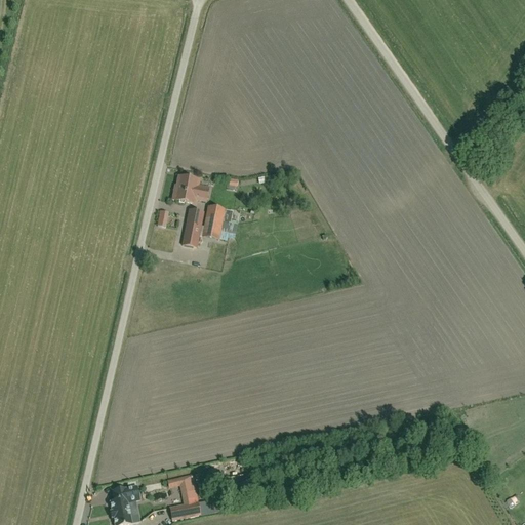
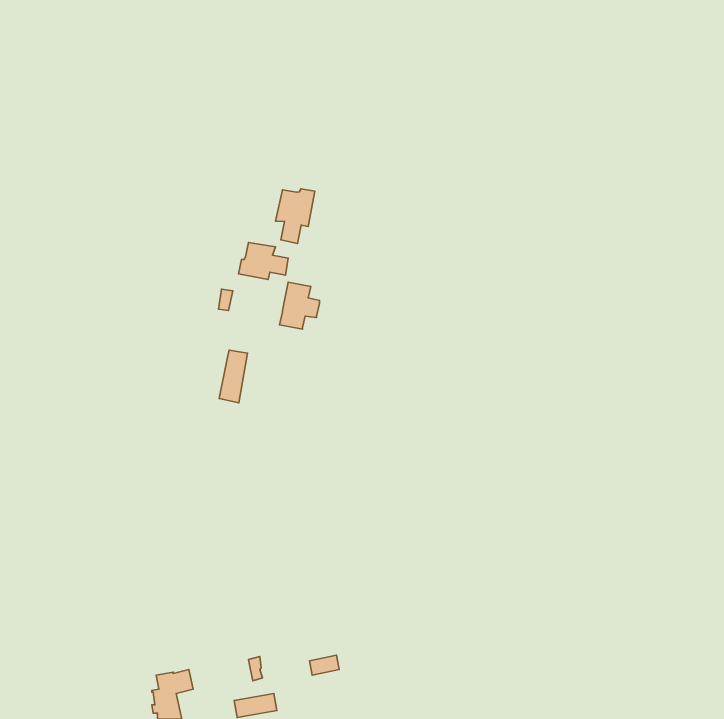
building: none -> [276,189,315,244]
building: [184,208,204,246] -> [219,350,247,403]

